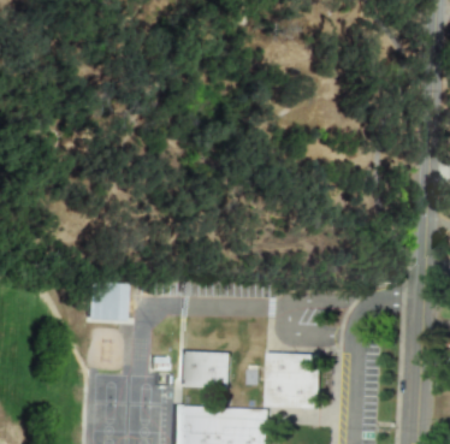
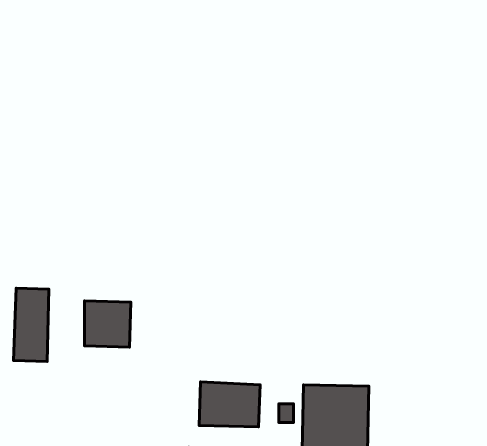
building: none -> [14,288,49,362]

